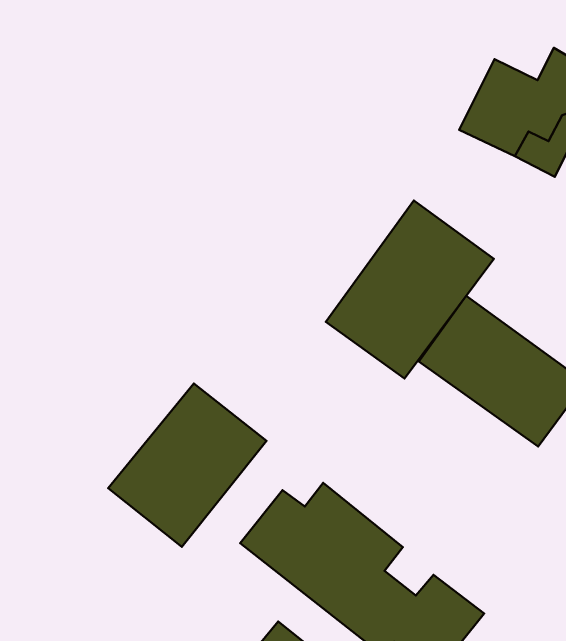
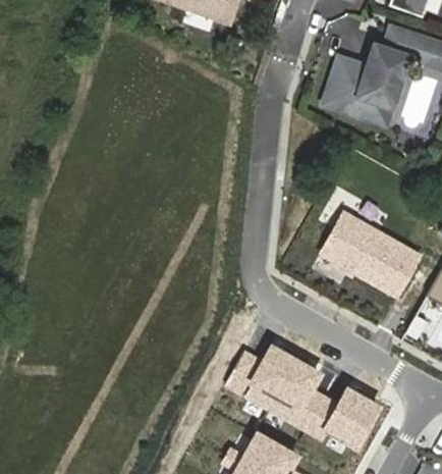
building: [326,201,494,378] -> none
building: [108,383,267,547] -> none

